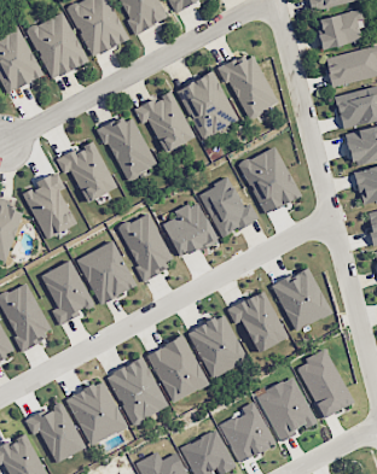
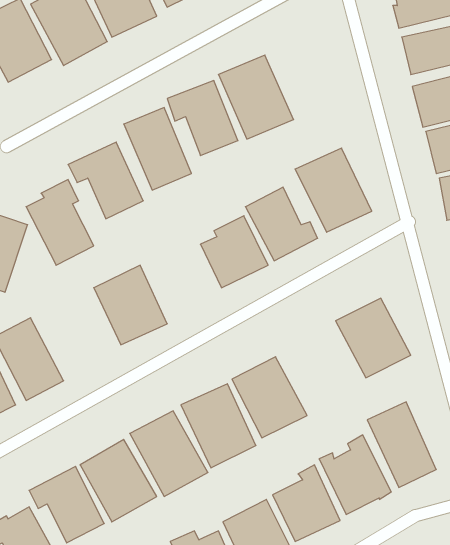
building: [221,52,277,118] -> none
building: [116,212,175,279] -> none
building: [40,259,94,323] -> none
building: [226,289,288,353] -> none

